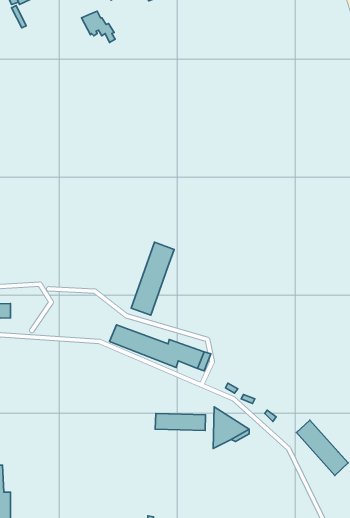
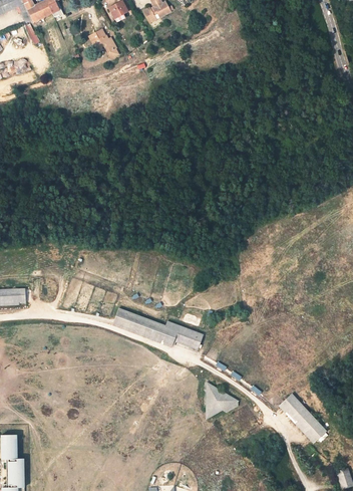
building: [131,242,174,315] -> none
building: [155,413,206,431] -> none

